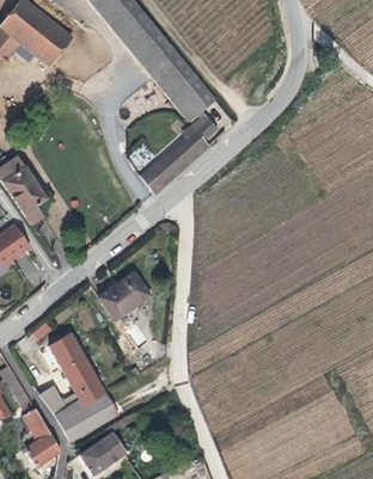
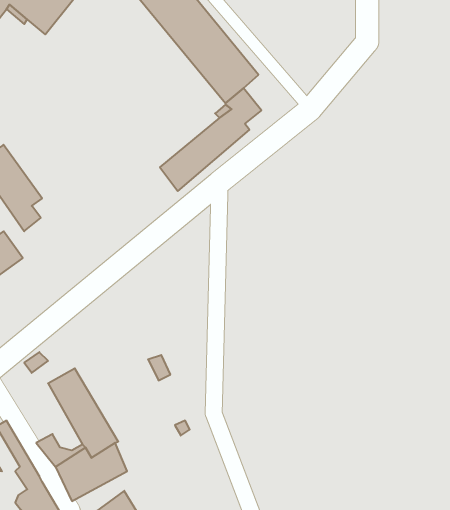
building: [99,269,152,318] -> none

